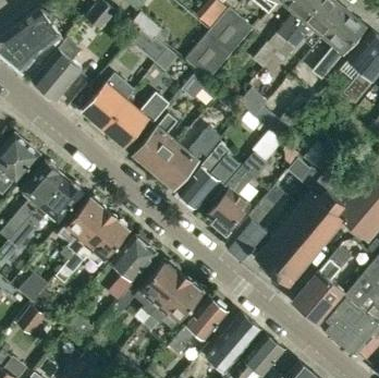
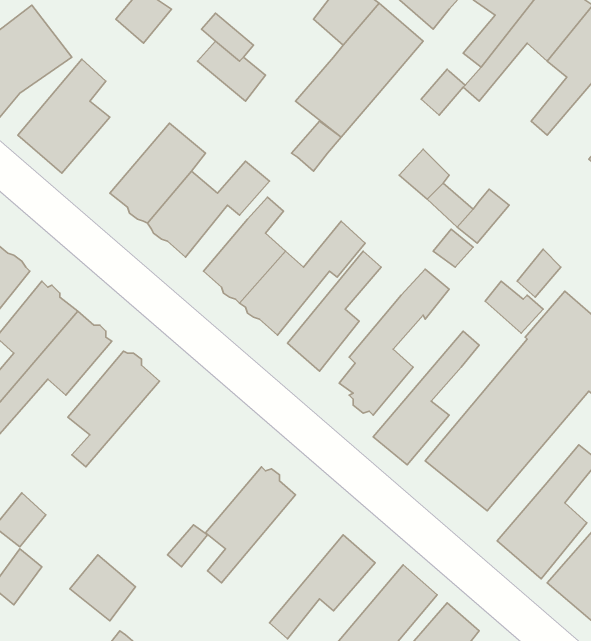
building: [59,215,129,281] -> none
building: [112,236,156,284] -> none
building: [144,277,203,331] -> none

